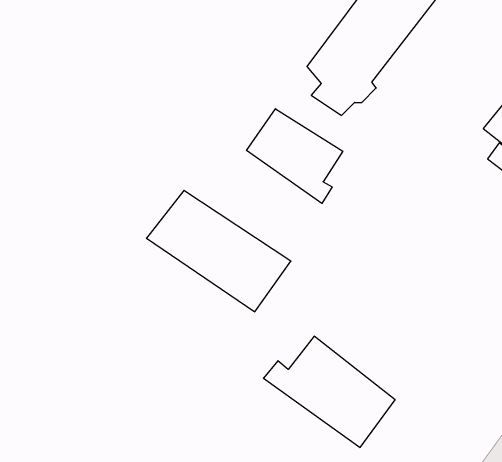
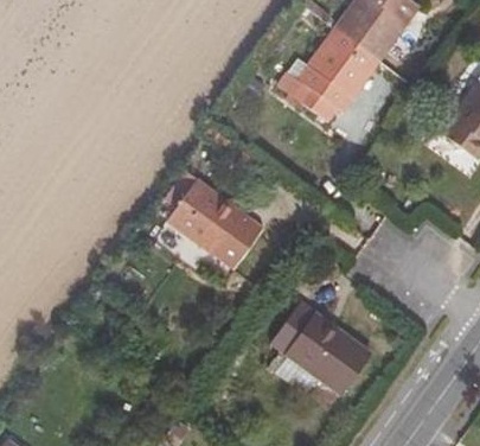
building: [247,109,343,203] -> none

